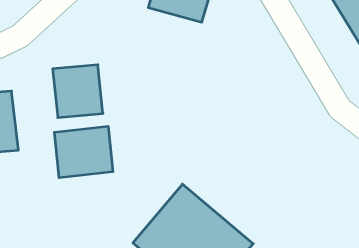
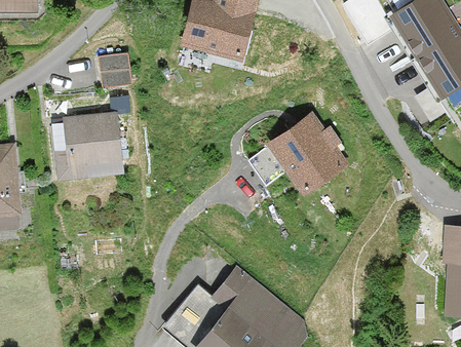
building: none -> [97,52,132,84]
building: none -> [245,113,350,199]
building: [54,126,113,178] -> none

